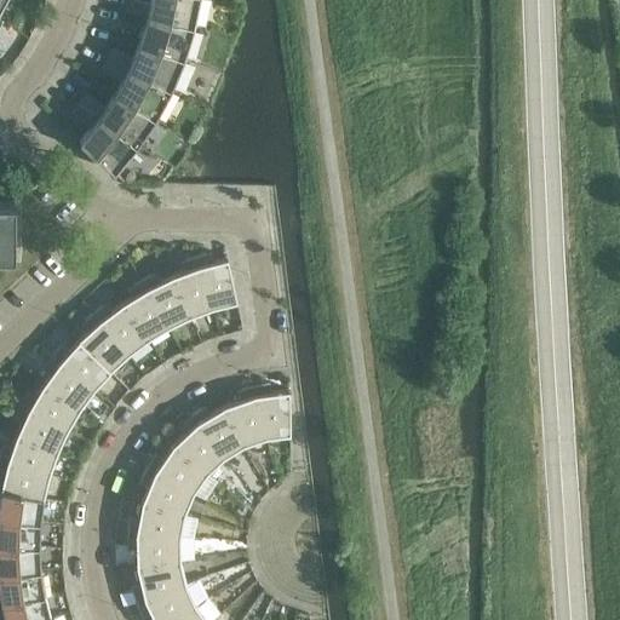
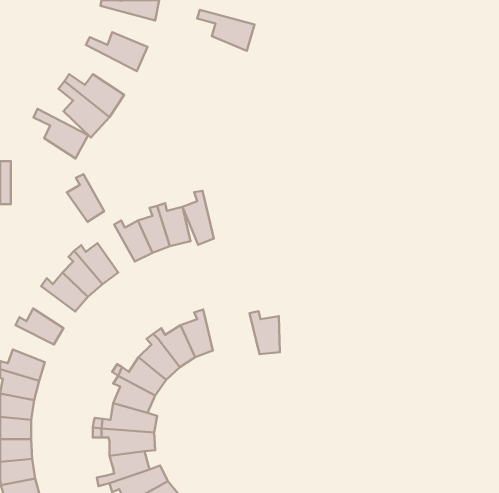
building: [121,15,193,65] -> [197,10,255,51]
building: [102,63,170,125] -> [34,109,88,159]
building: none -> [183,191,214,245]
building: [121,286,167,345] -> [67,174,104,222]
building: [41,362,93,414] -> none
building: [252,389,289,442] -> [250,311,280,354]
building: [15,411,67,457] -> none

